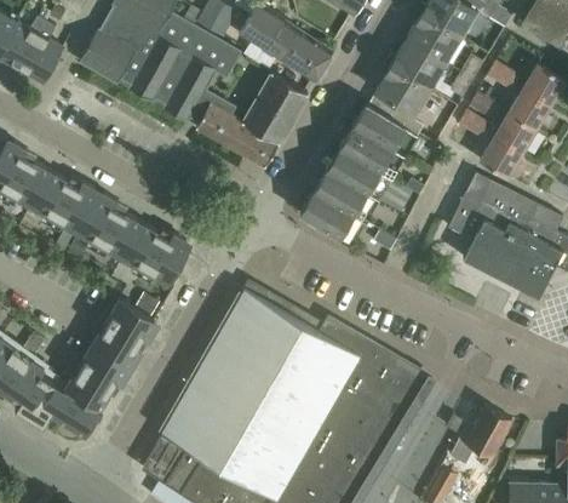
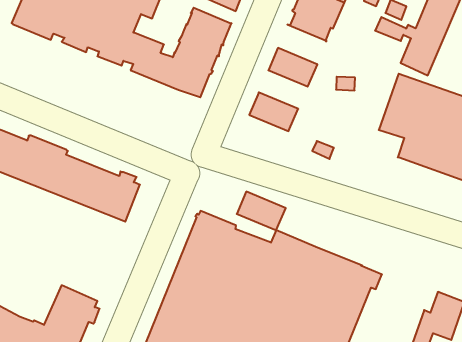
building: [355,103,407,149] -> none
building: [328,148,380,193] -> none
building: [302,192,354,236] -> [237,192,286,230]
building: [93,297,157,364] -> none

